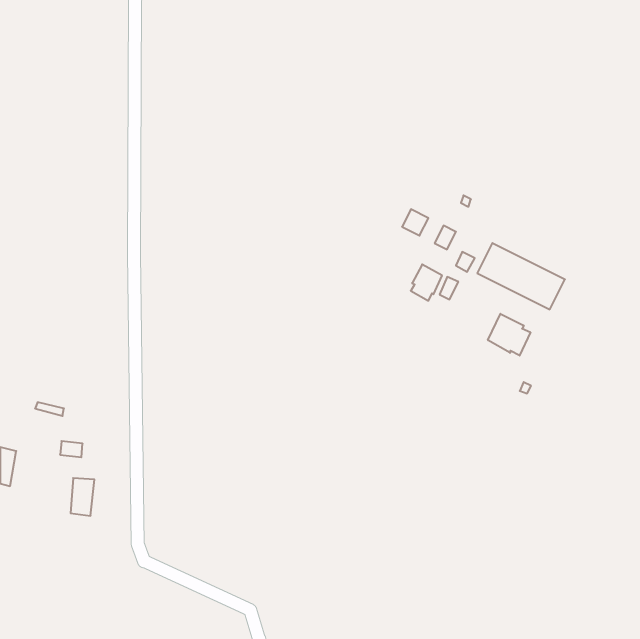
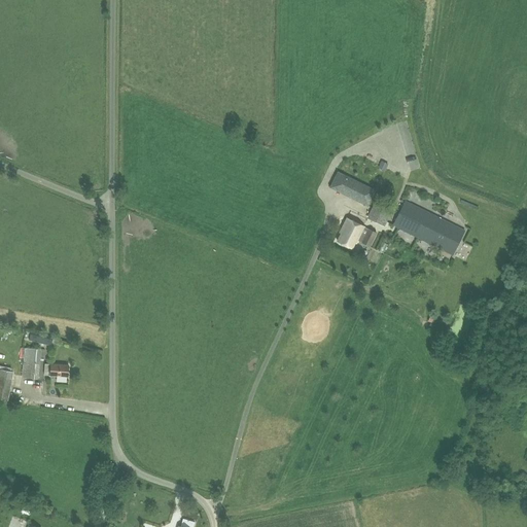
building: [488,314,530,356] -> none
building: [71,478,94,516] -> [22,347,41,378]

